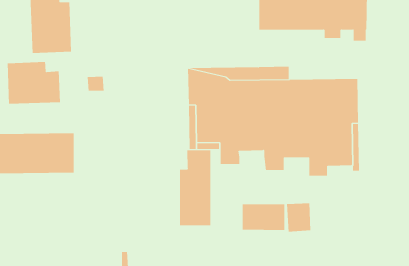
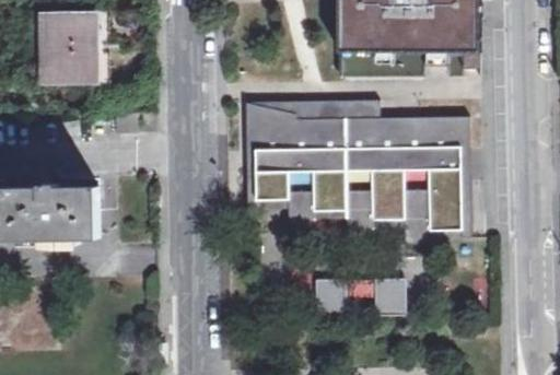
building: [7,61,61,105] -> none
building: [179,150,211,226] -> none

